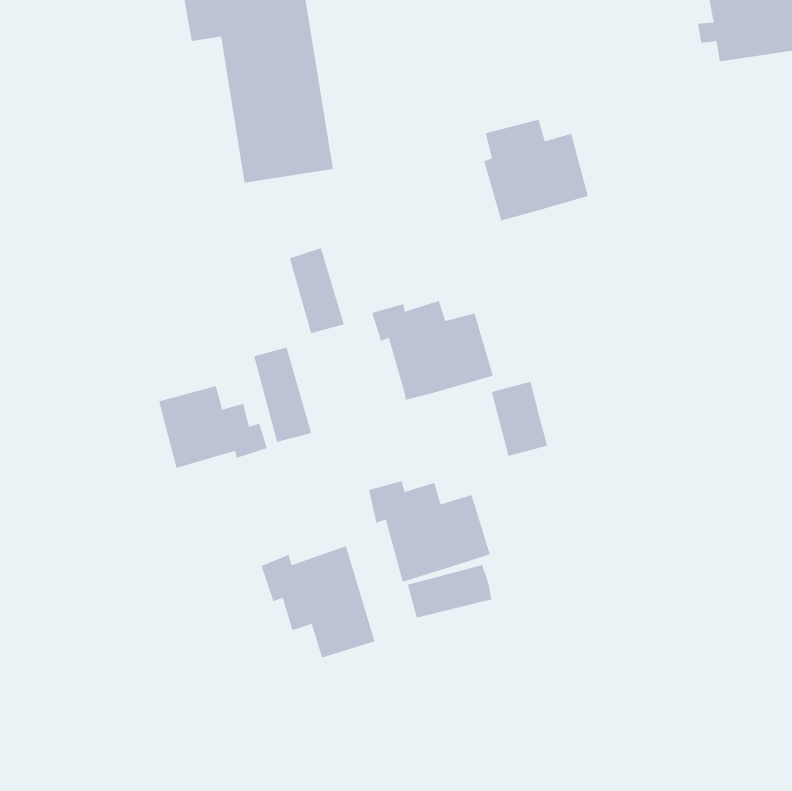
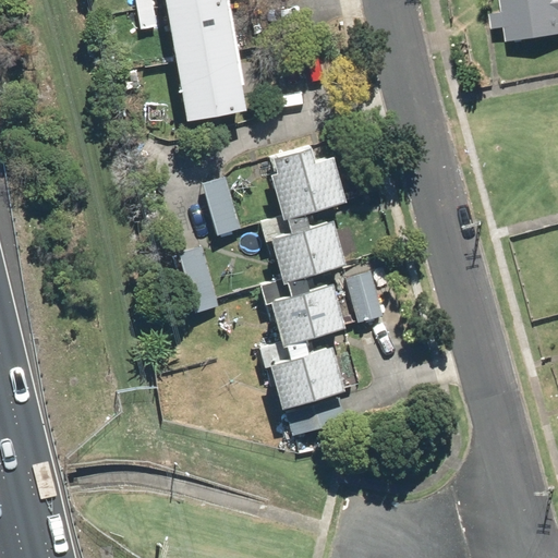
building: [483,119,589,221] -> [274,145,348,217]
building: [158,385,268,469] -> none
building: none -> [260,276,345,344]
building: [260,545,375,658] -> none

